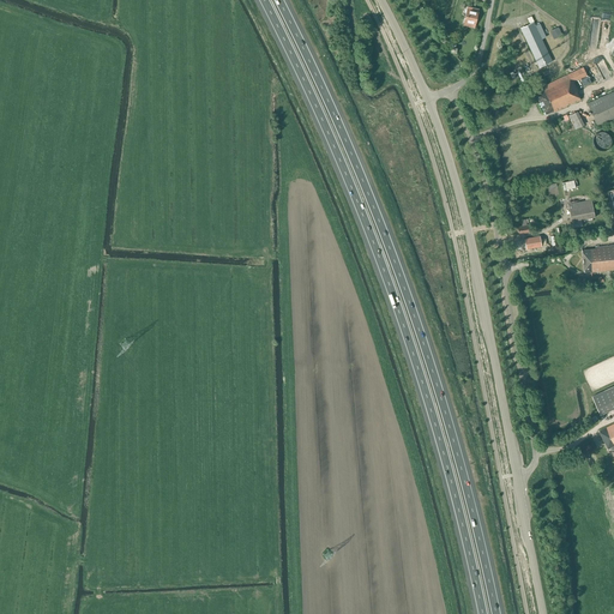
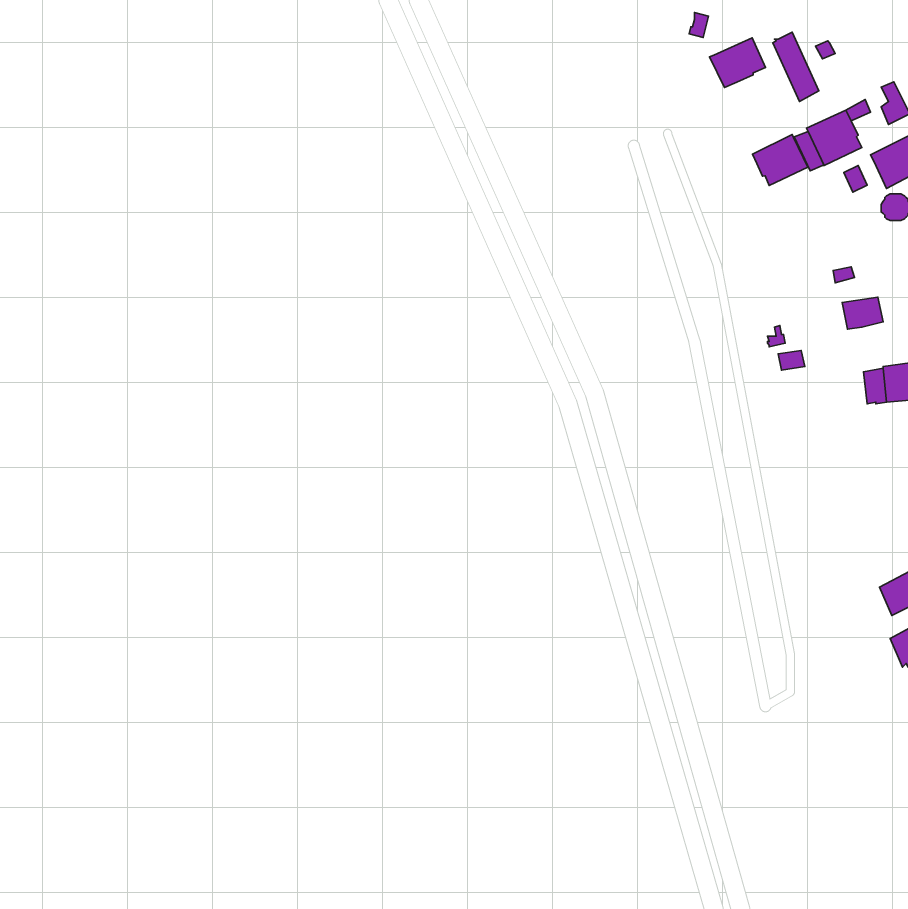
building: none -> [710,38,766,87]
building: none -> [753,134,808,185]

